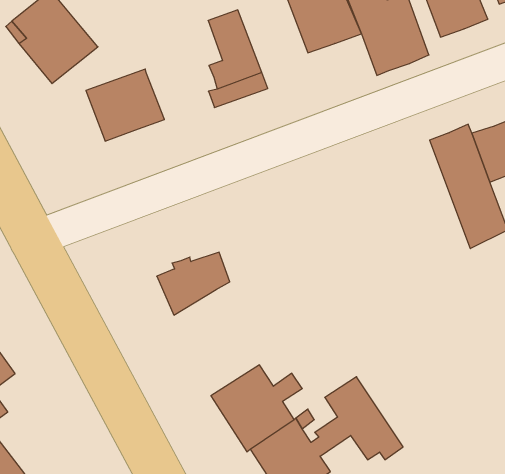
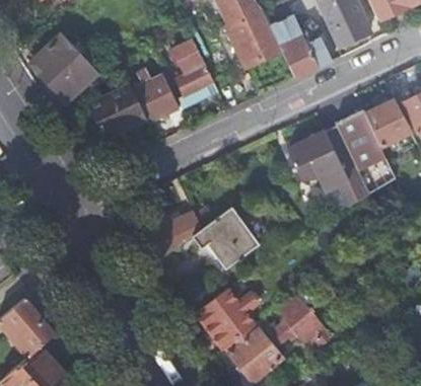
building: none -> [131,70,177,124]
building: none -> [287,126,367,206]
building: none -> [192,210,257,271]

